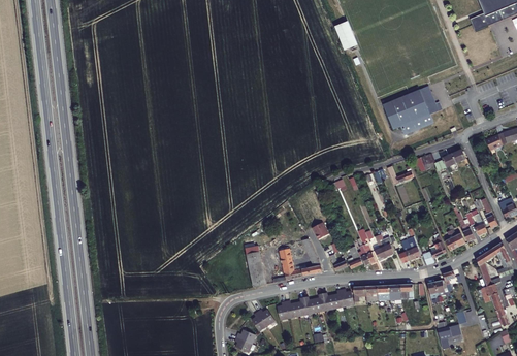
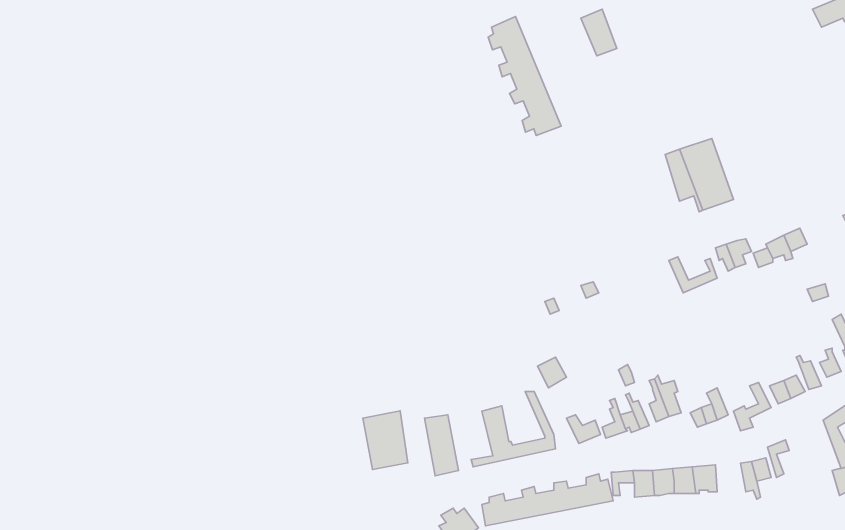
building: none -> [488,17,561,135]
building: [411,90,440,131] -> none
building: none -> [363,411,408,469]

